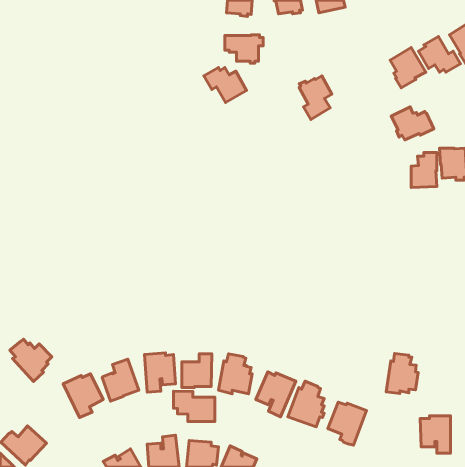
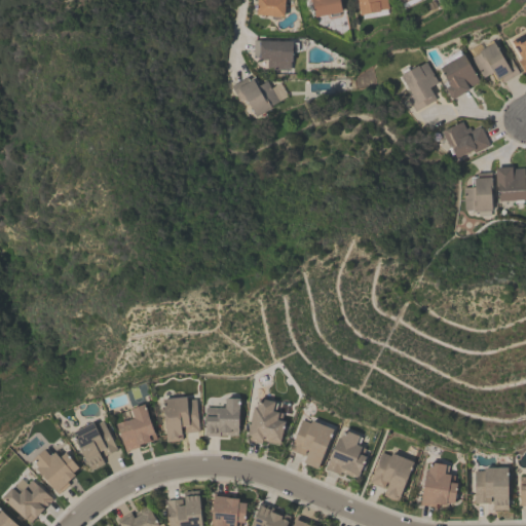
building: [299,76,332,120] -> [402,62,439,111]
building: [10,339,52,381] -> [33,447,80,494]
building: [386,353,418,394] -> [421,461,457,506]
building: [173,391,215,422] -> none

